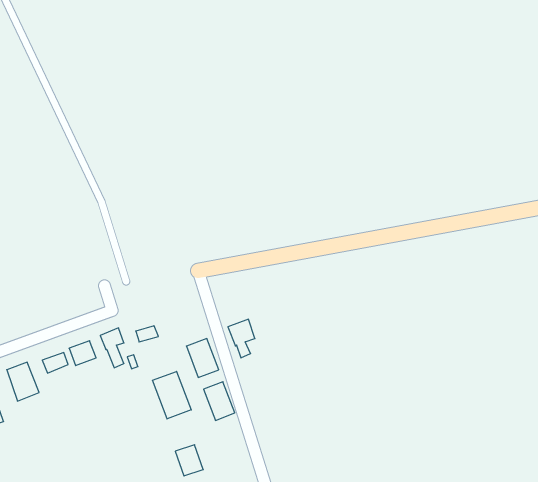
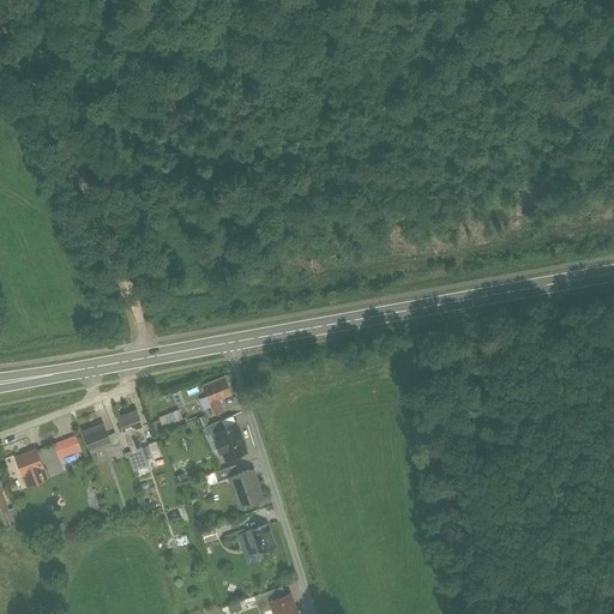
building: [228,319,255,358] -> [199,374,229,417]
building: [152,371,191,419] -> none
building: [175,445,203,476] -> [242,522,273,556]

